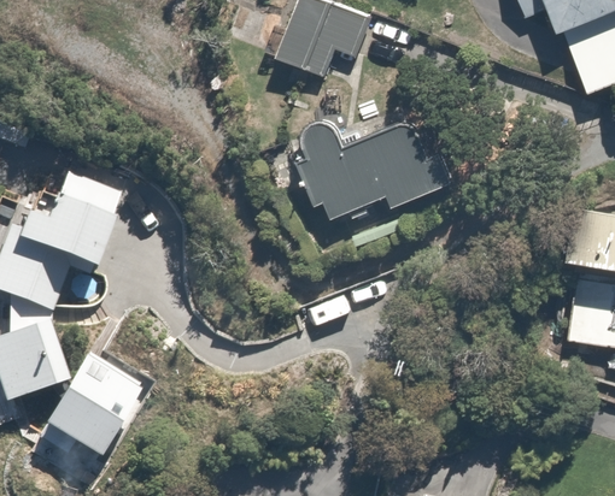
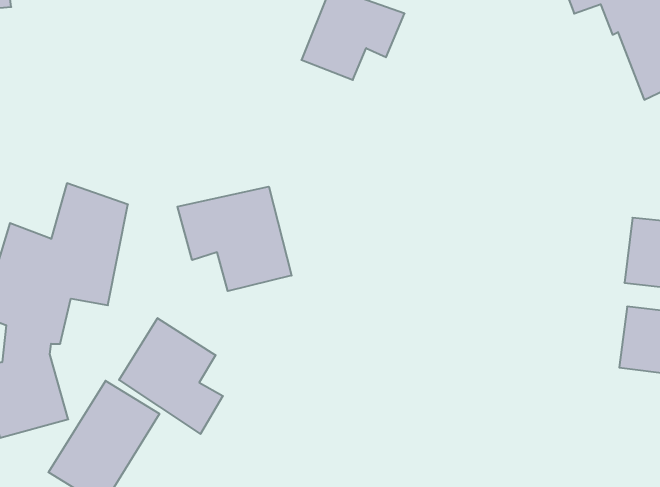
building: [297,112,441,222] -> none
building: none -> [177,187,292,291]
building: none -> [119,318,223,434]

